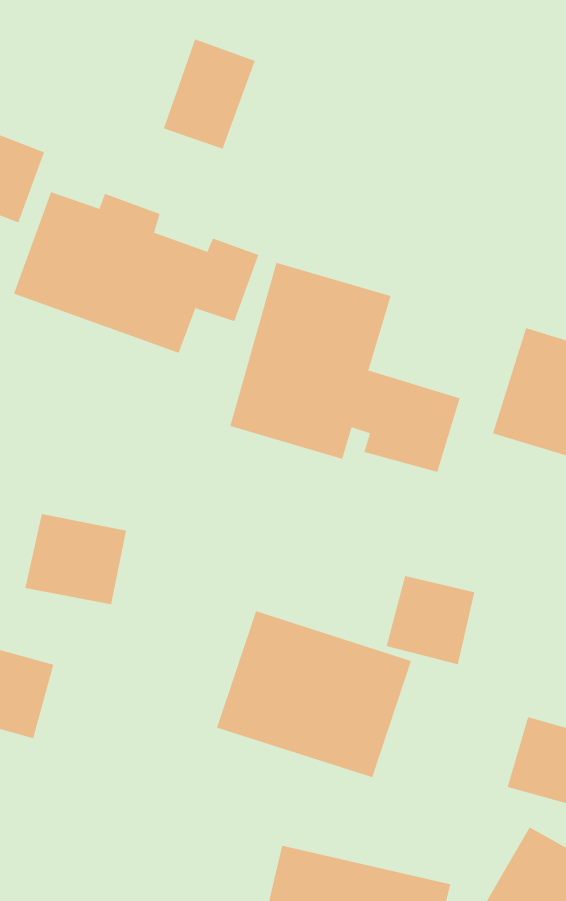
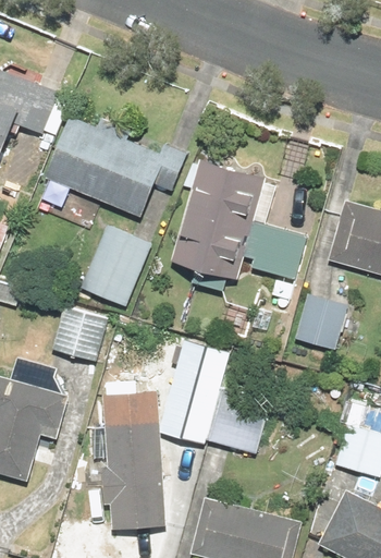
building: [163,39,256,150] -> none
building: none -> [82,227,150,304]
building: [386,576,475,665] -> [294,296,346,349]
building: none -> [100,380,160,529]

